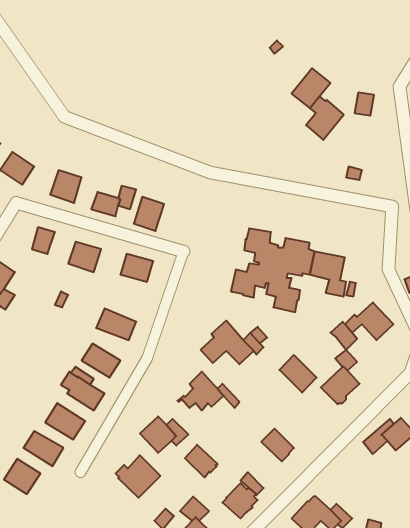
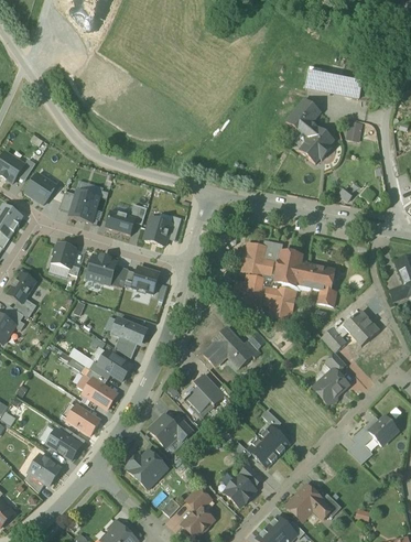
building: none -> [306,72,363,97]
building: [279,355,317,393] -> none
building: [185,445,218,477] -> [249,437,279,467]

